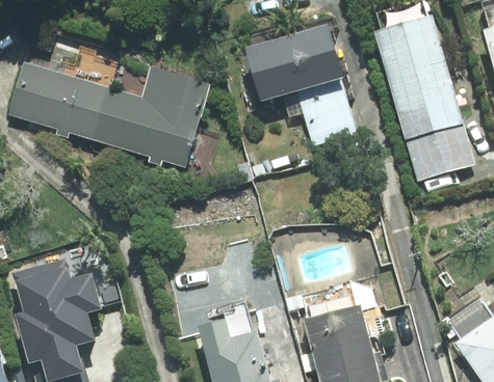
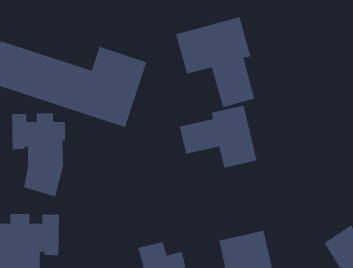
building: [376,13,472,194] -> none
building: none -> [179,105,257,168]
building: none -> [12,113,66,197]

